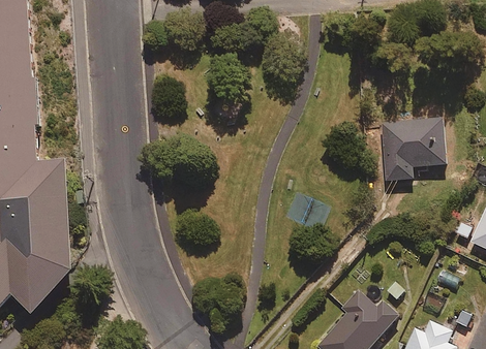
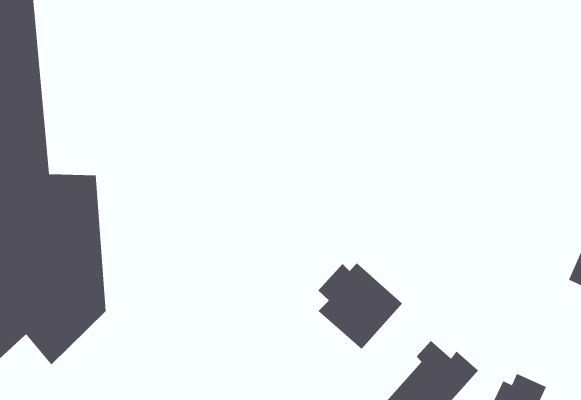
building: [379,112,442,180] -> none
building: none -> [317,262,403,350]

